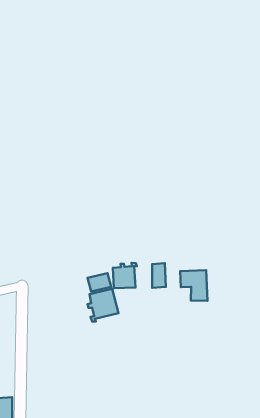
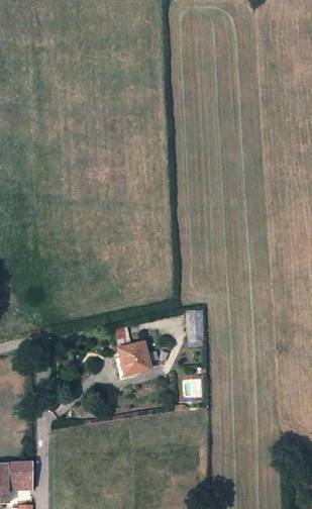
building: [113,263,137,288] -> none
building: [180,270,207,301] -> none

